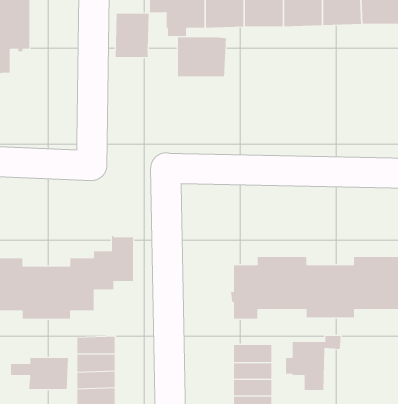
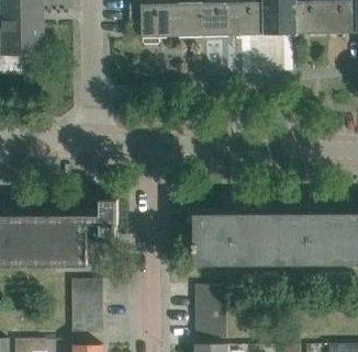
building: [115,13,149,58] -> none
building: [178,37,226,77] -> none
building: [286,335,341,391] -> none
building: [10,357,69,390] -> none

